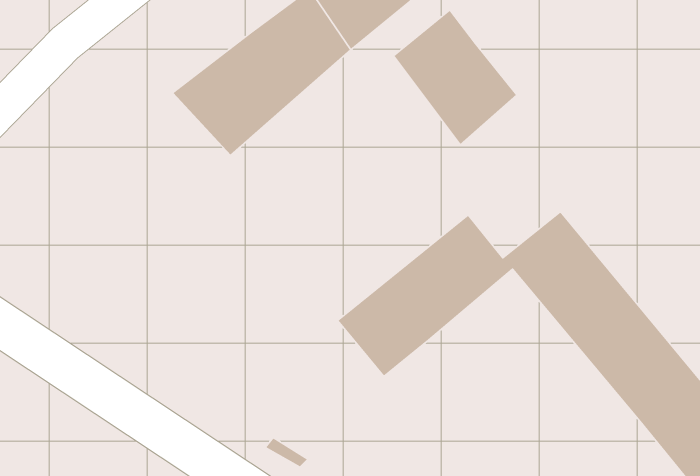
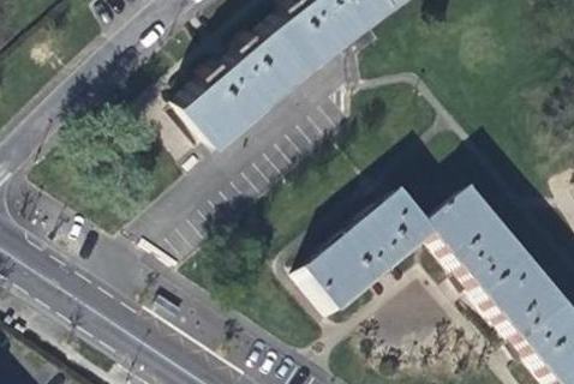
building: [393,10,517,145] -> none

